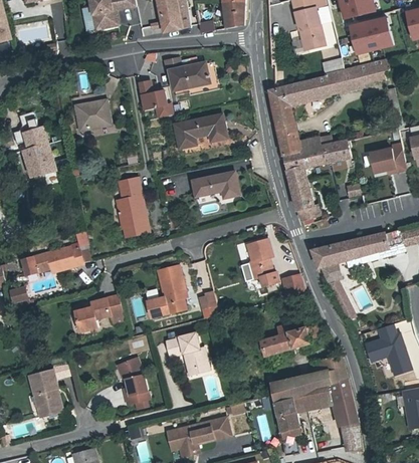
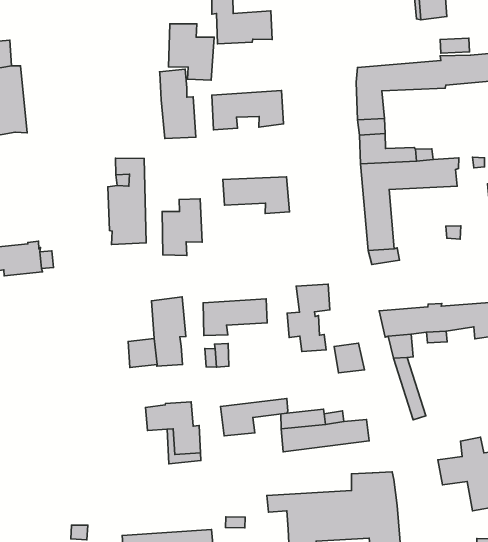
building: [74,100,109,130] -> none
building: none -> [159,69,196,139]
building: none -> [162,199,202,255]
building: none -> [203,299,267,336]
building: [72,295,122,330] -> none
building: none -> [220,399,288,436]
building: [120,359,147,404] -> none

